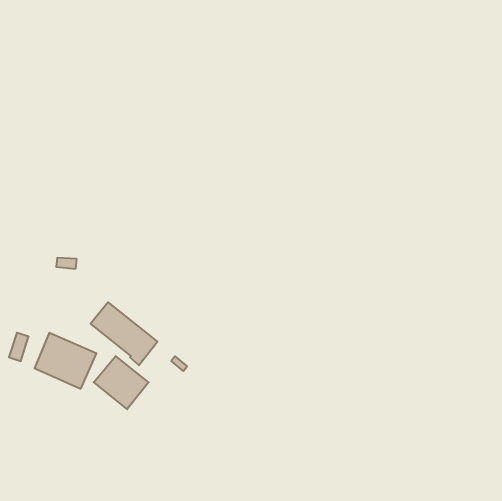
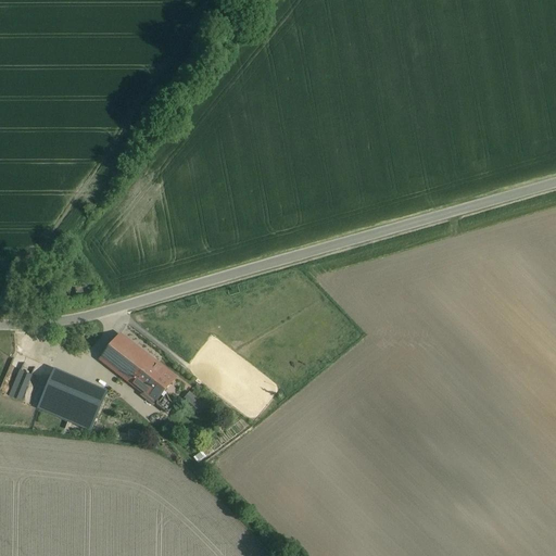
building: [94,356,149,409] -> none

